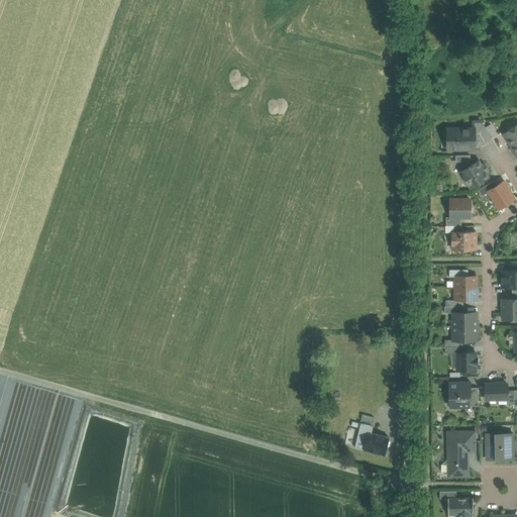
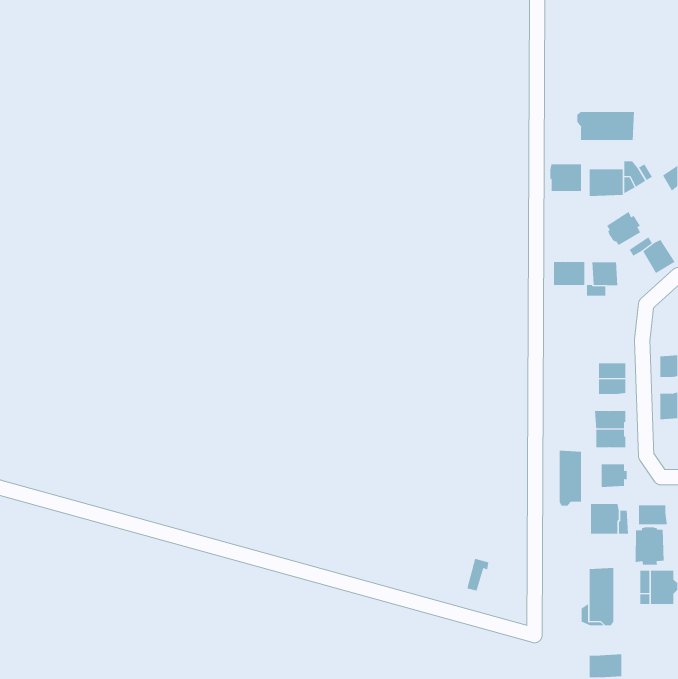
building: none -> [577,111,635,141]
building: none -> [550,164,581,192]
building: [451,231,476,249] -> [553,262,585,286]
building: none -> [559,450,582,506]
building: none -> [635,526,664,566]
building: [363,432,388,454] -> none

